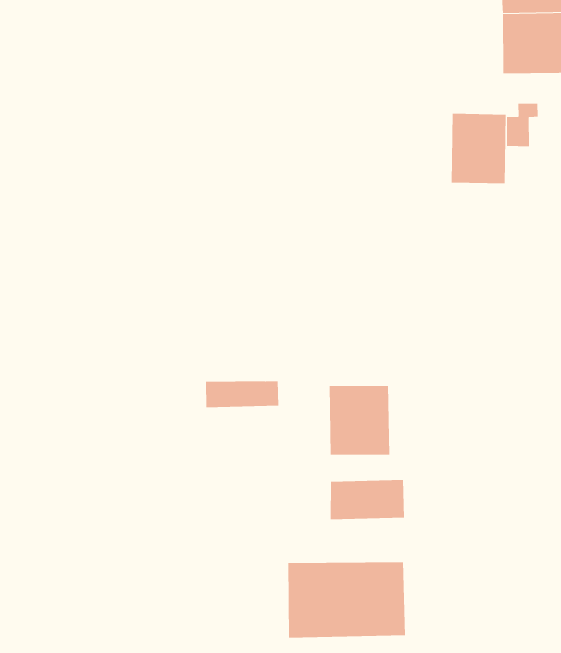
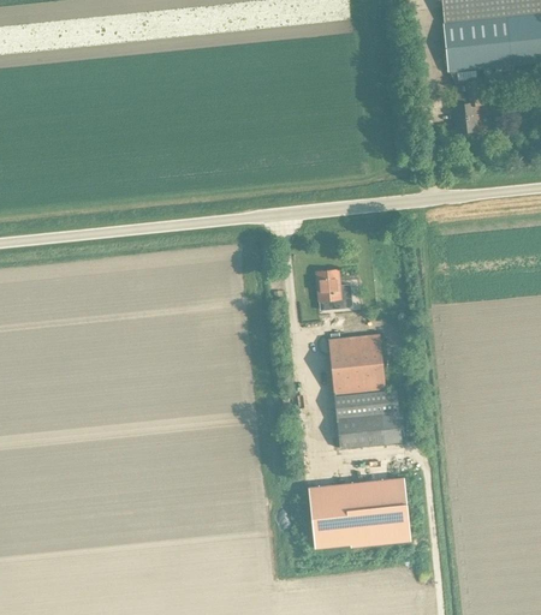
building: [451,113,506,184] -> none
building: none -> [316,270,341,301]
building: [205,381,279,408] -> [335,390,398,418]

